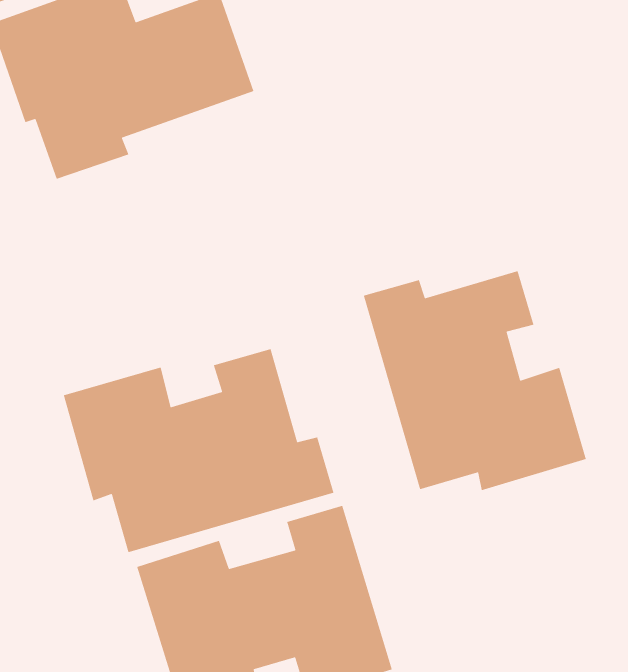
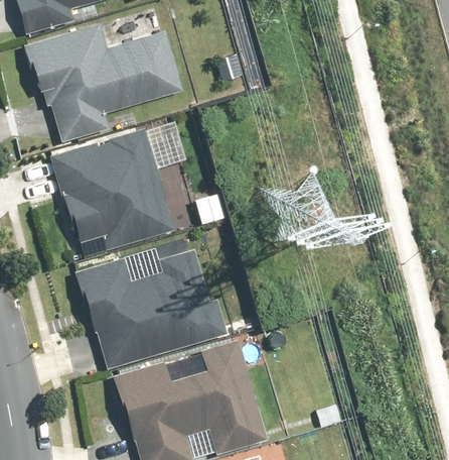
building: none -> [49,120,179,238]
building: [363,270,587,491] -> none

